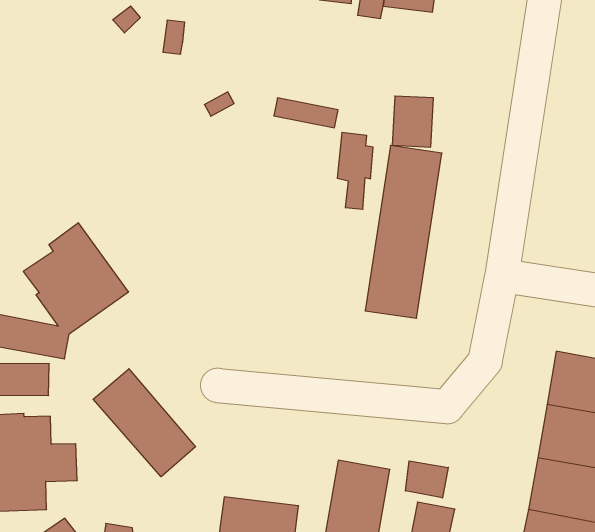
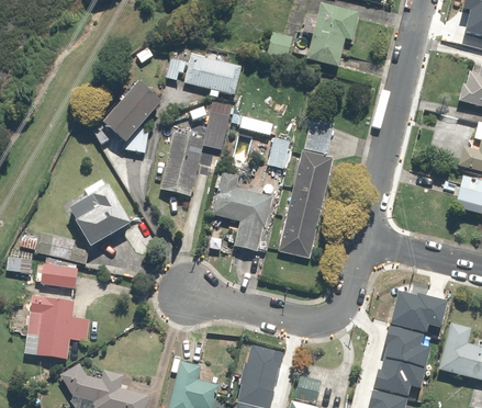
building: none -> [184,55,240,95]
building: none -> [101,82,162,152]
building: none -> [161,101,231,195]
building: none -> [212,173,273,251]
building: [93,369,195,477] -> none
building: [405,461,448,498] -> none

